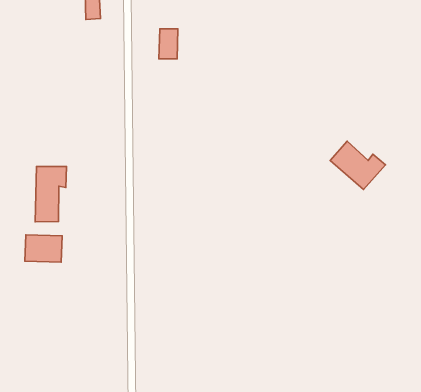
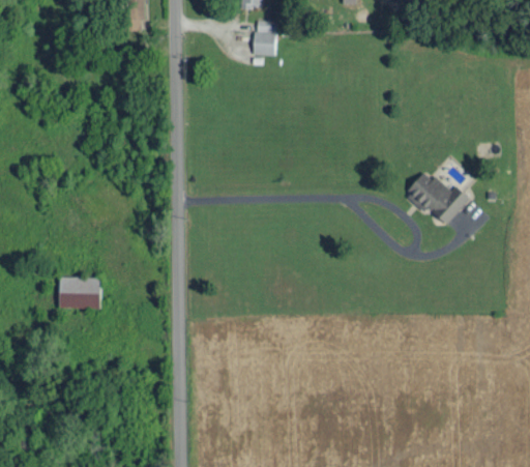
building: [159,29,178,59] -> [253,21,274,55]
building: [35,166,66,222] -> none

